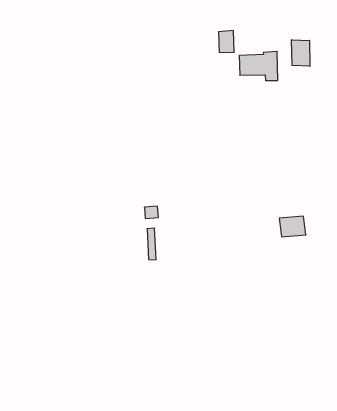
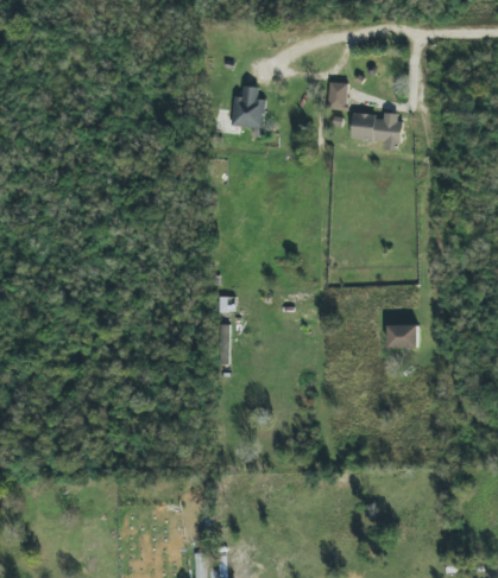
building: [292,40,310,66] -> none
building: none -> [231,85,264,127]

